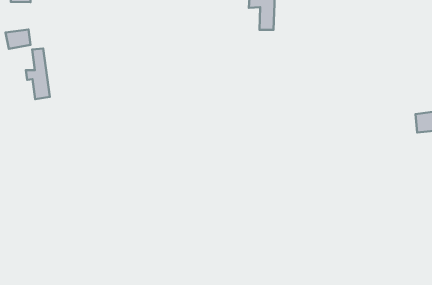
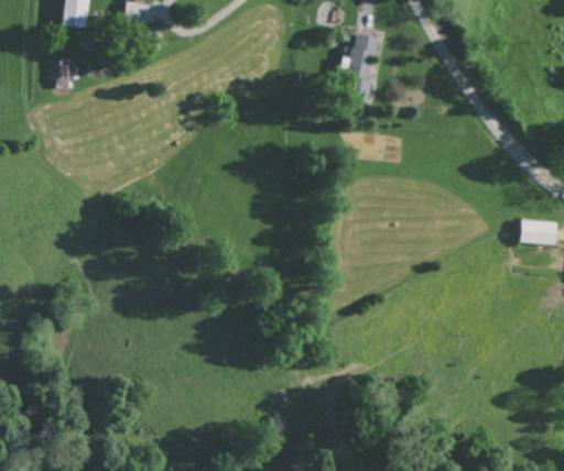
building: [26,49,50,99] -> none

